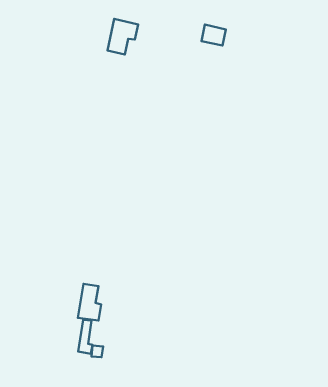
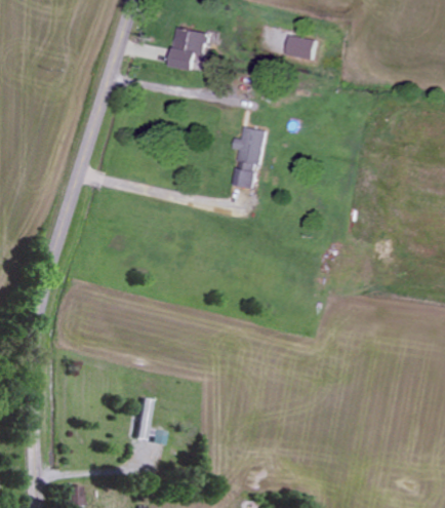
building: none -> [234,126,267,189]
building: [78,284,101,321] -> none

